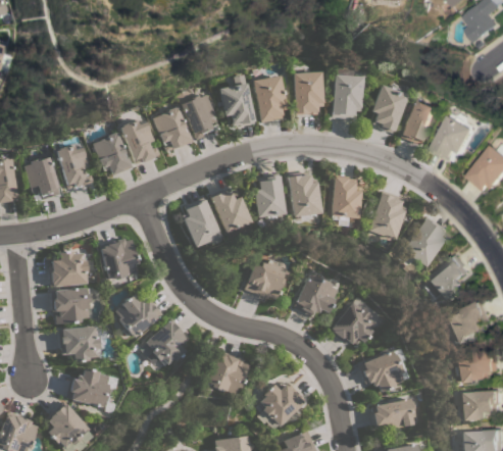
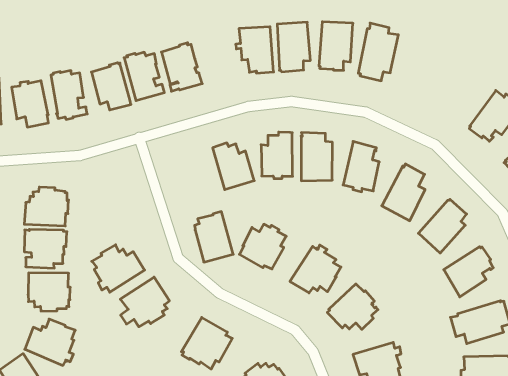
building: [370,84,406,133] -> none
building: [181,94,217,139] -> none
building: [401,97,441,144] -> none
building: [182,199,219,246] -> [195,212,233,262]
building: [100,238,138,282] -> none

